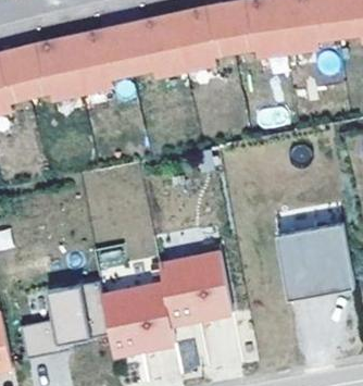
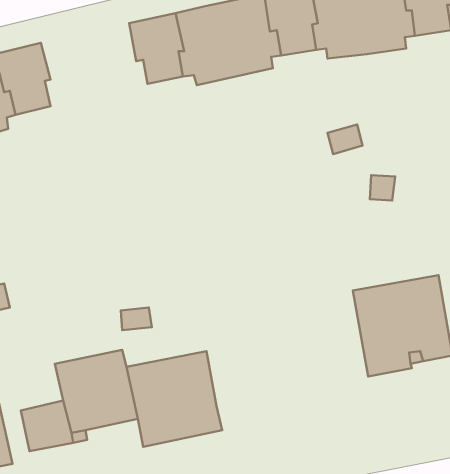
building: [35,28,117,99] -> none
building: [159,251,231,324] -> none

